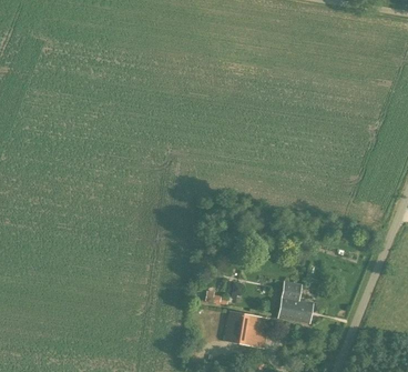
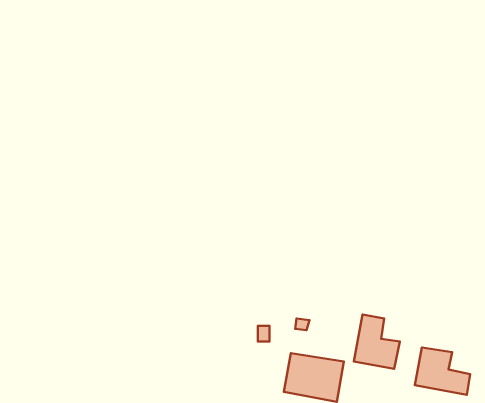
building: none -> [415,347,470,395]

